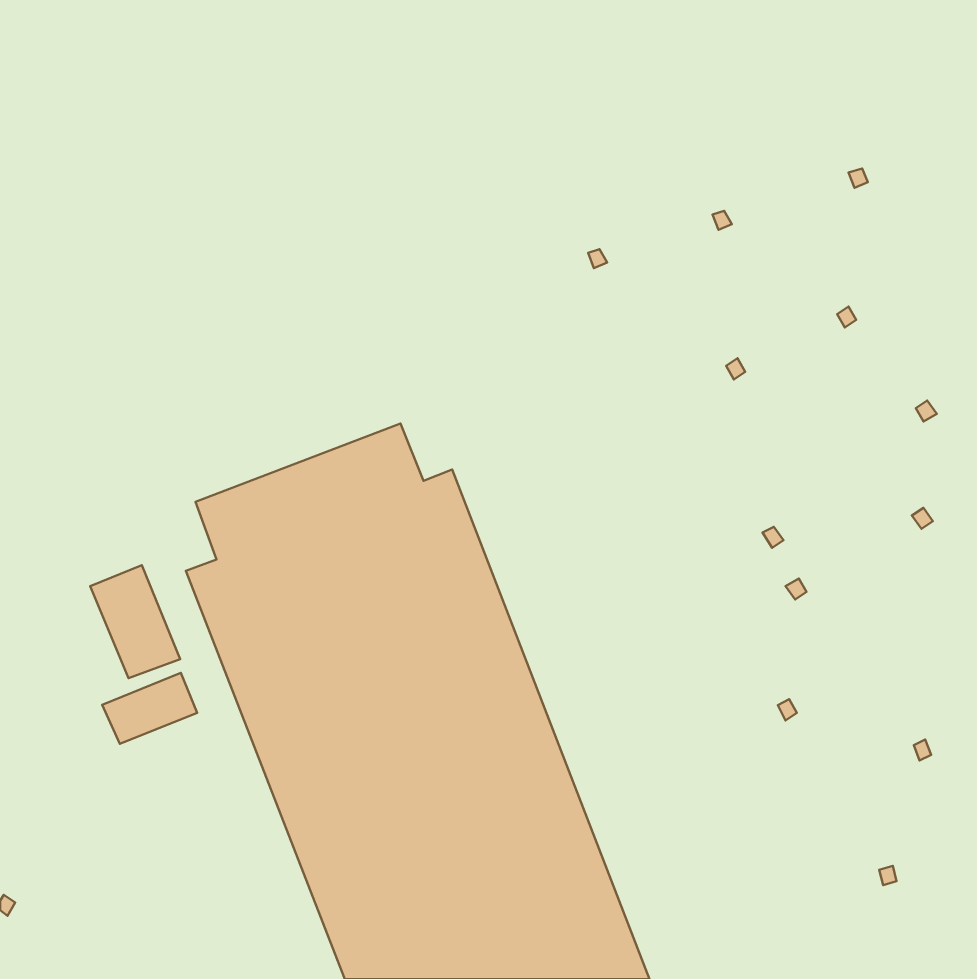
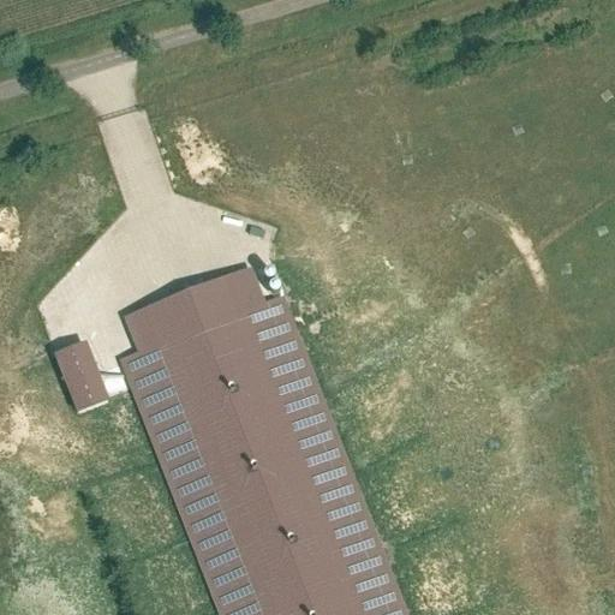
building: [102,673,197,744] -> none

